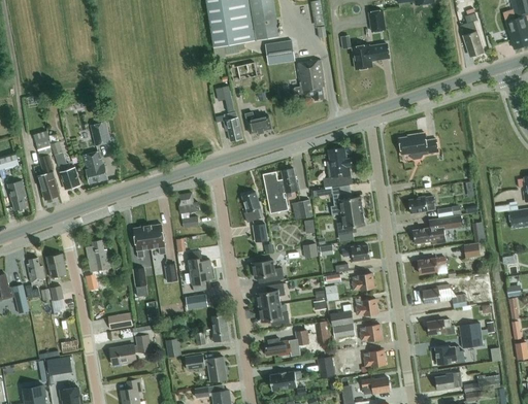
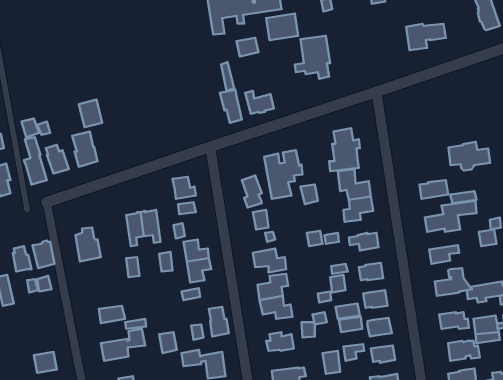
building: [352,44,389,69] -> [406,24,446,50]
building: [398,133,437,160] -> [448,142,490,171]

